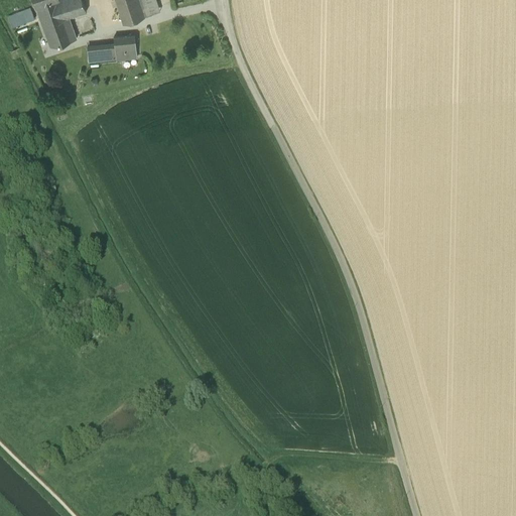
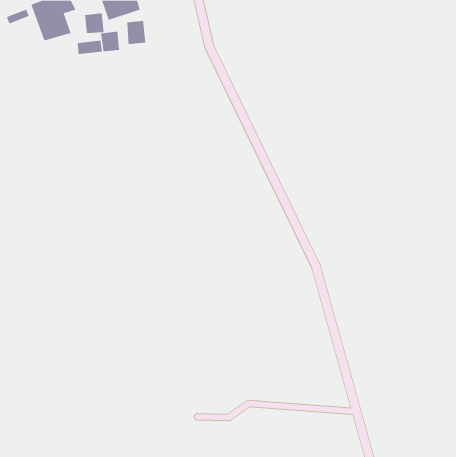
building: none -> [84,12,104,34]
building: none -> [127,20,146,45]

